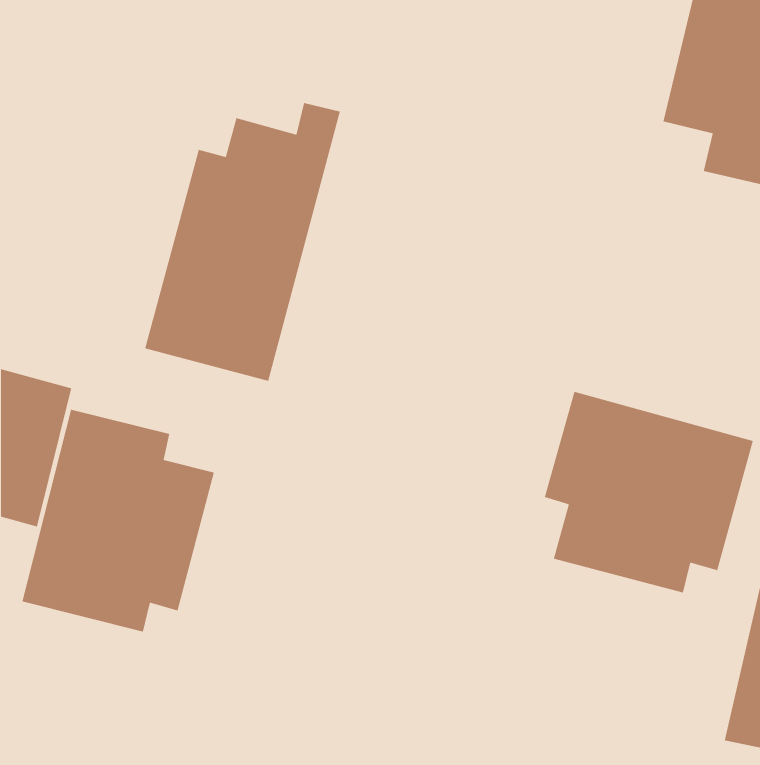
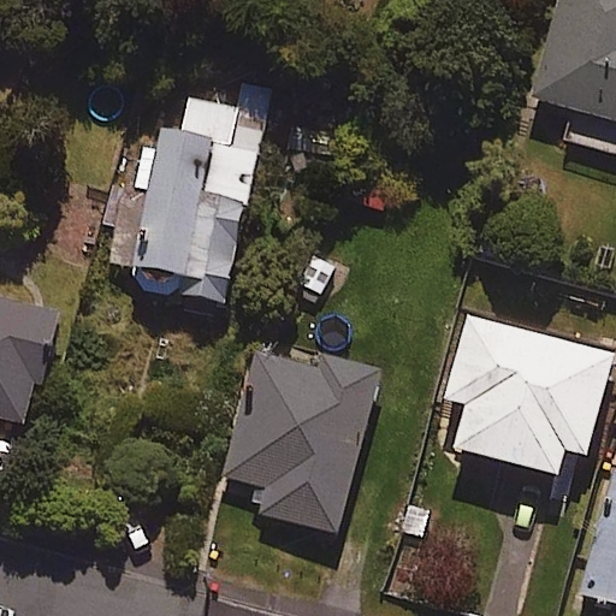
building: [21,409,215,633] -> none
building: none -> [220,349,375,532]

